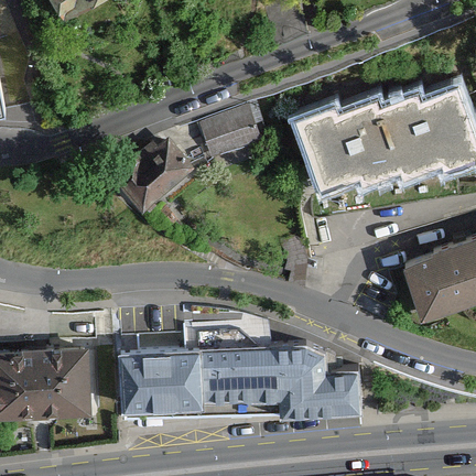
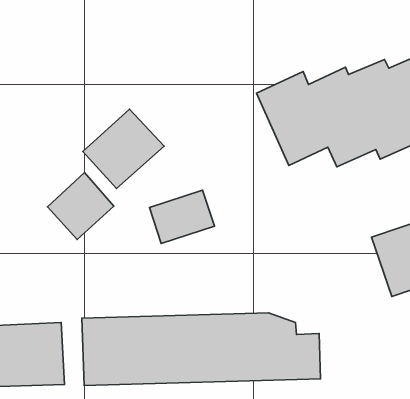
building: [197,105,263,159] -> [149,190,214,243]
building: none -> [48,173,114,239]

